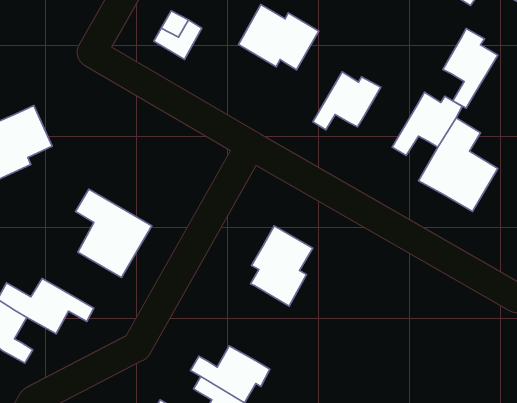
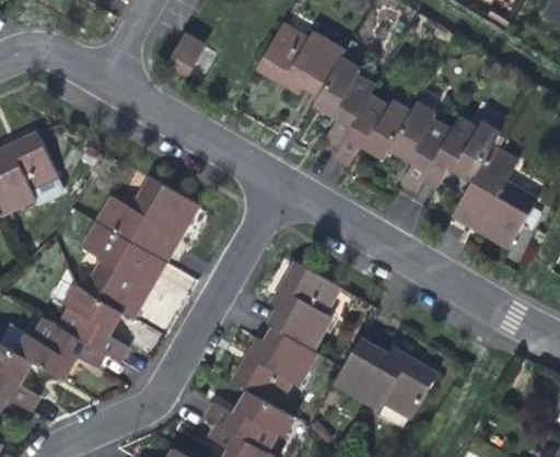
building: [443,29,498,108] -> [392,103,451,188]
building: none -> [316,58,375,144]
building: none -> [97,177,198,261]
building: none -> [52,269,126,359]
building: none -> [234,326,316,406]
building: none -> [335,339,438,417]

